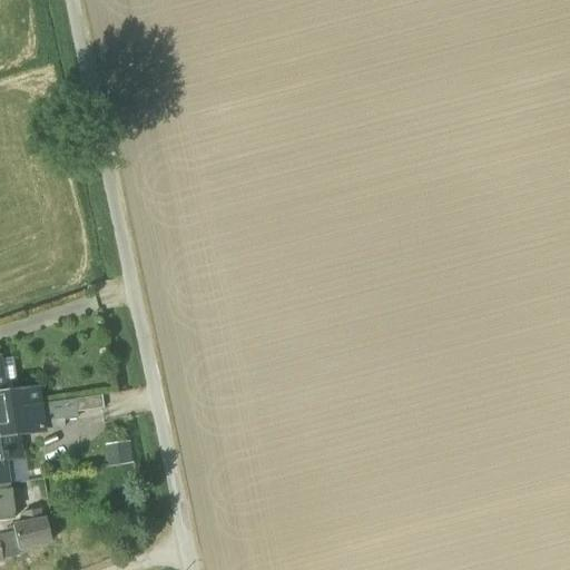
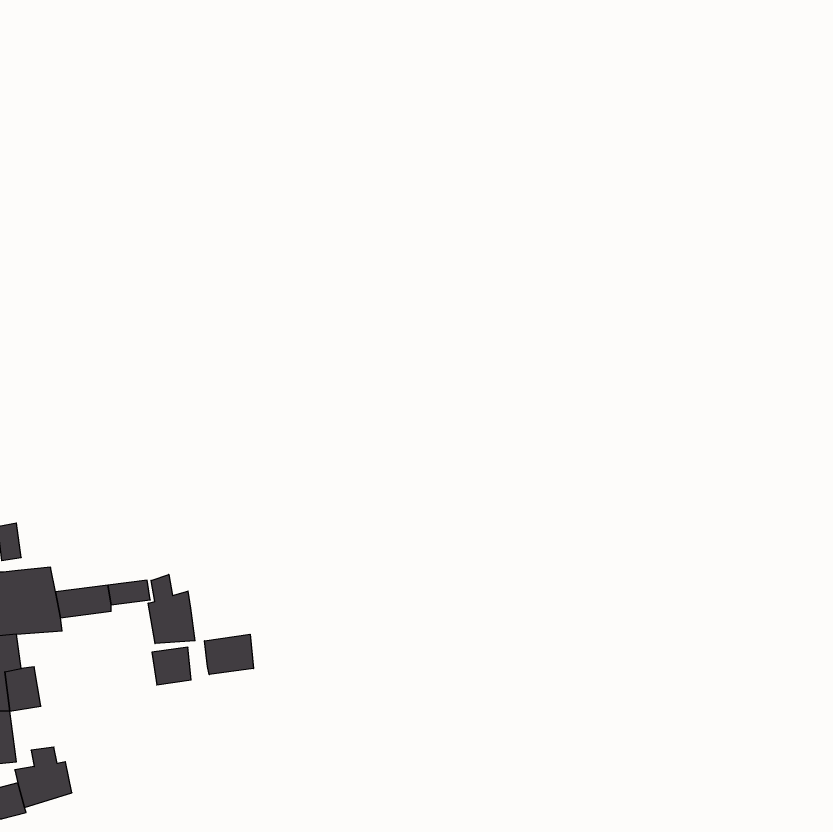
building: none -> [148,574,195,644]
building: none -> [205,634,253,675]

